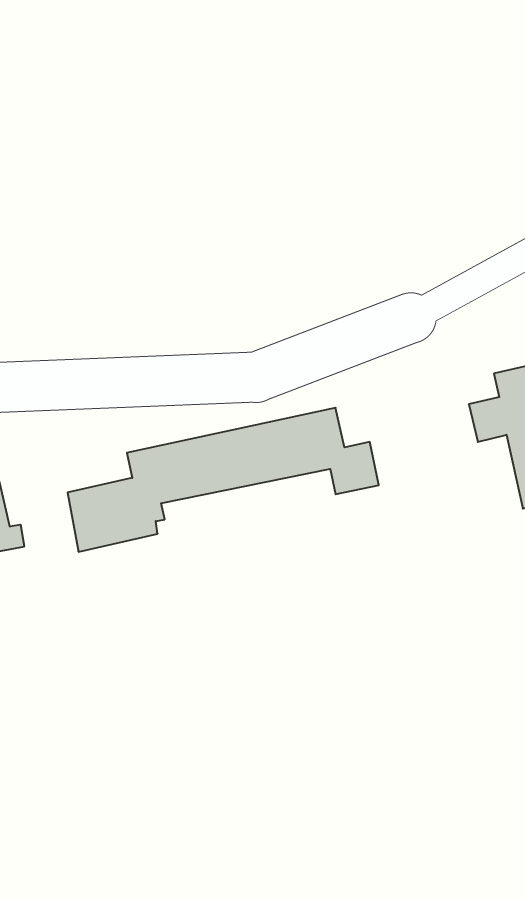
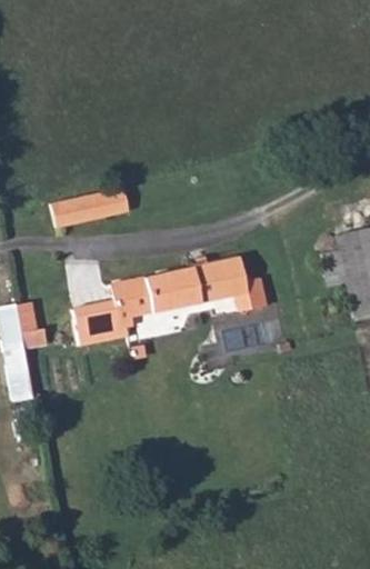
building: none -> [51,188,129,228]

